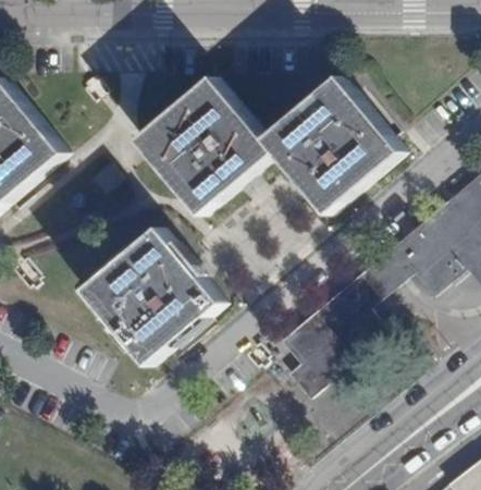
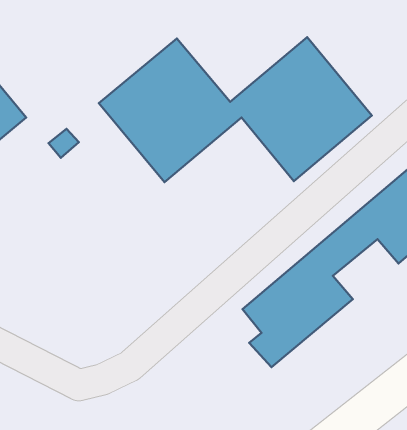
building: [83,226,223,367] -> none

